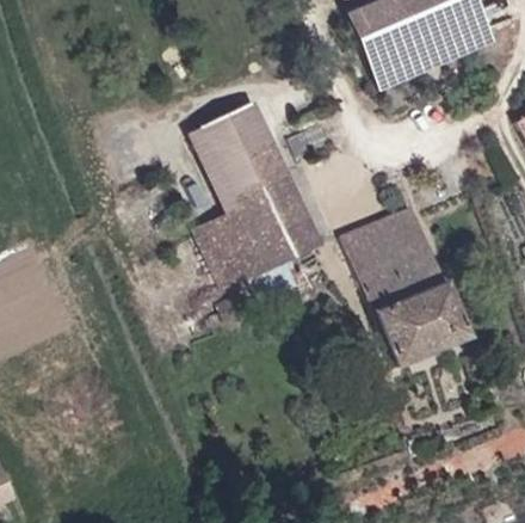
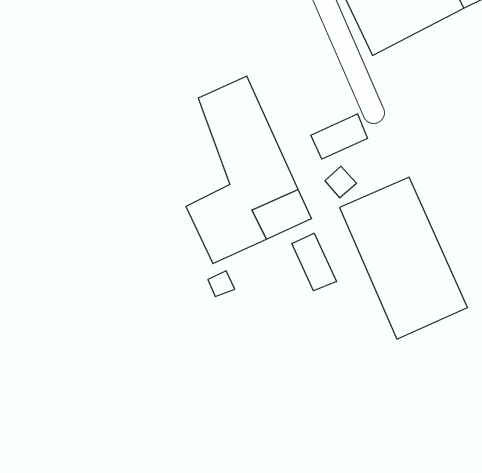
building: none -> [311,114,367,159]
building: none -> [292,233,337,291]

